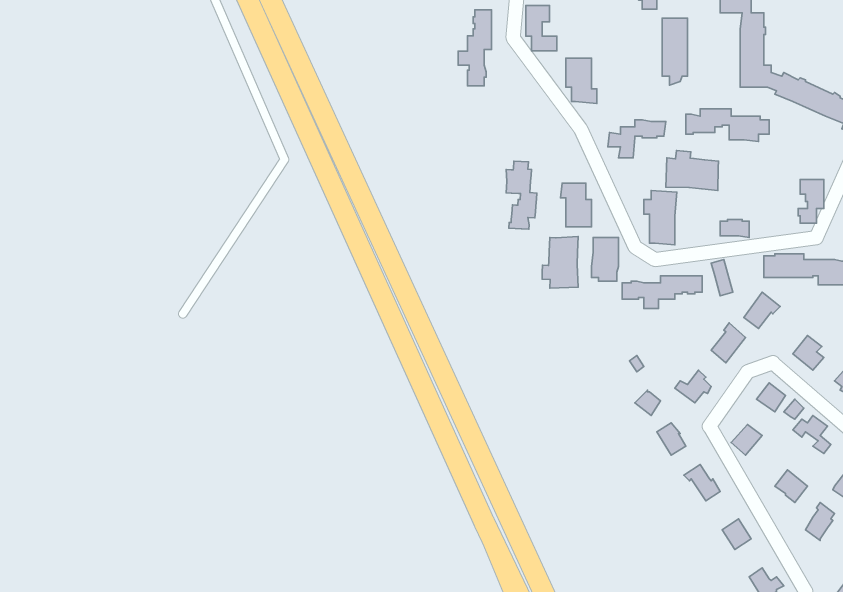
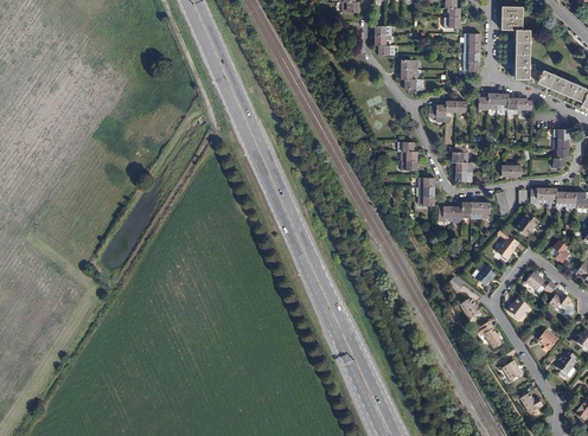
building: [458,10,492,86] -> none
building: [666,150,719,191] -> none
building: [506,161,537,229] -> none
building: [542,237,578,288] -> none

